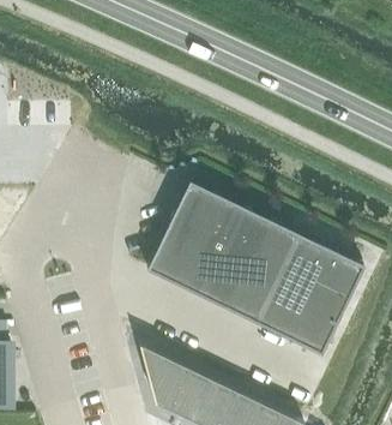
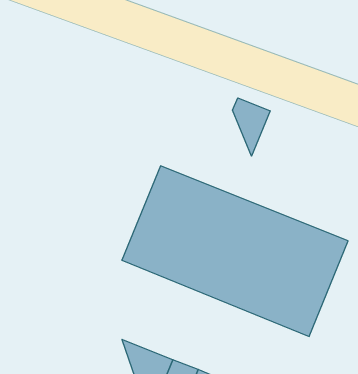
building: none -> [233,98,270,156]

